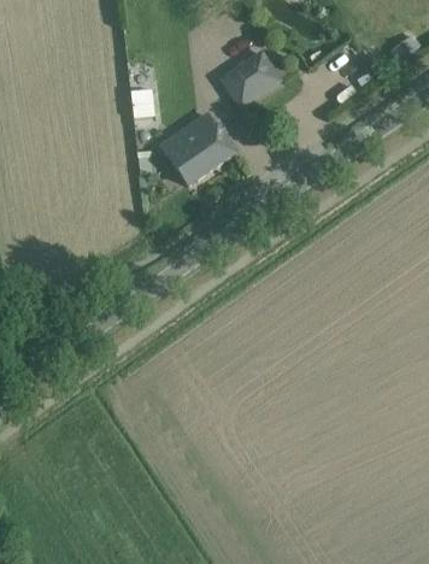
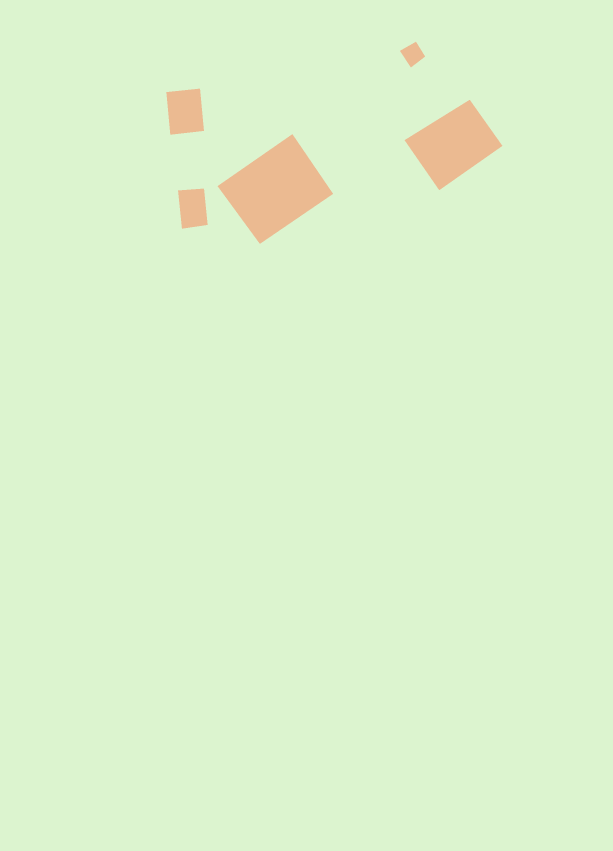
building: [219,49,281,106] -> [403,99,503,191]

